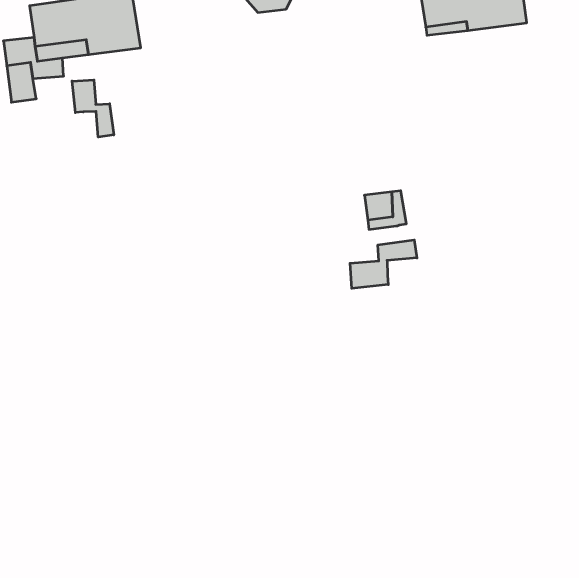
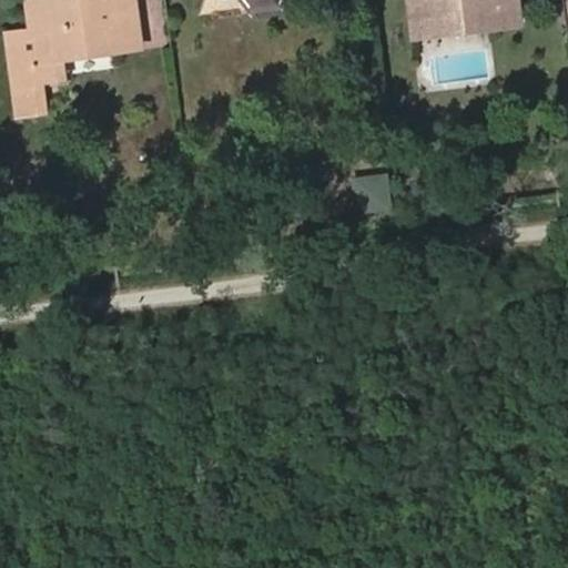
building: [72,80,114,137] -> none
building: [350,240,417,288] -> none

